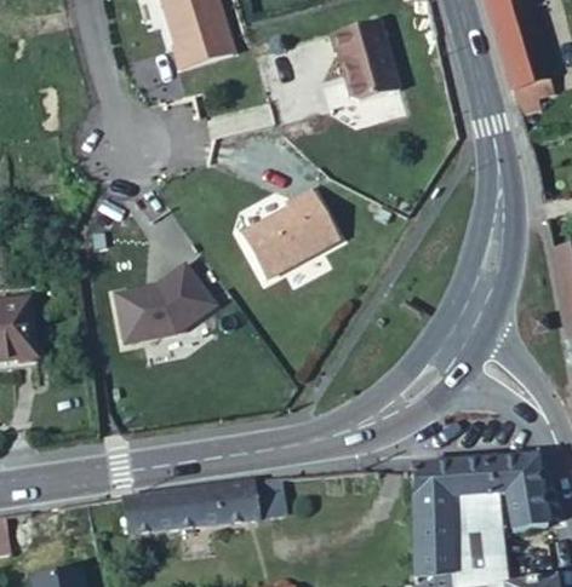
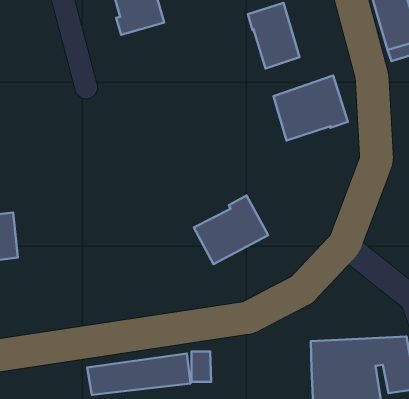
building: none -> [273,76,348,140]
building: [241,198,337,287] -> [194,196,268,264]
building: [116,263,216,341] -> none

